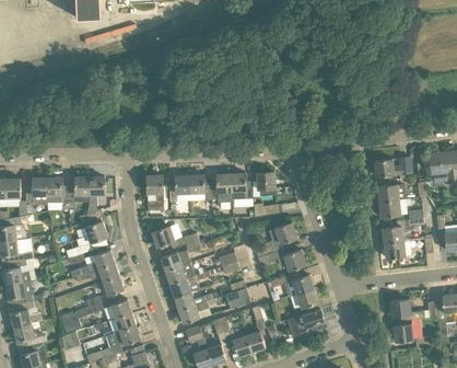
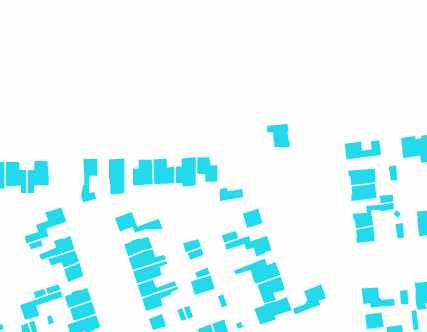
building: [251,171,276,195] -> [266,123,291,148]
building: [86,176,104,220] -> [80,158,98,204]
building: none -> [292,283,327,316]

